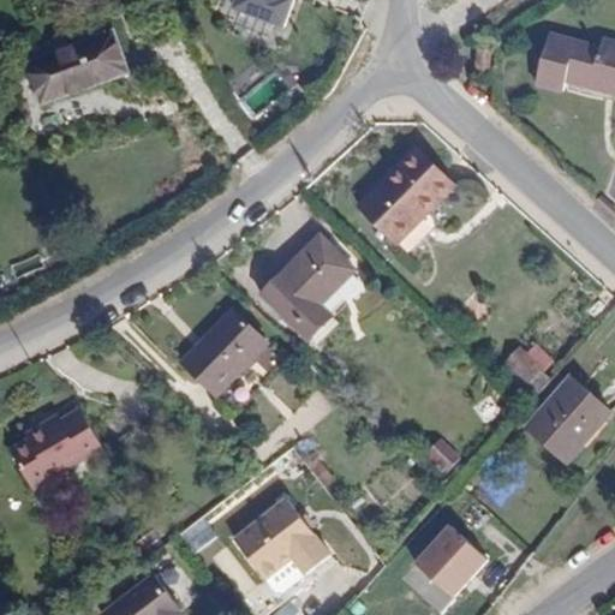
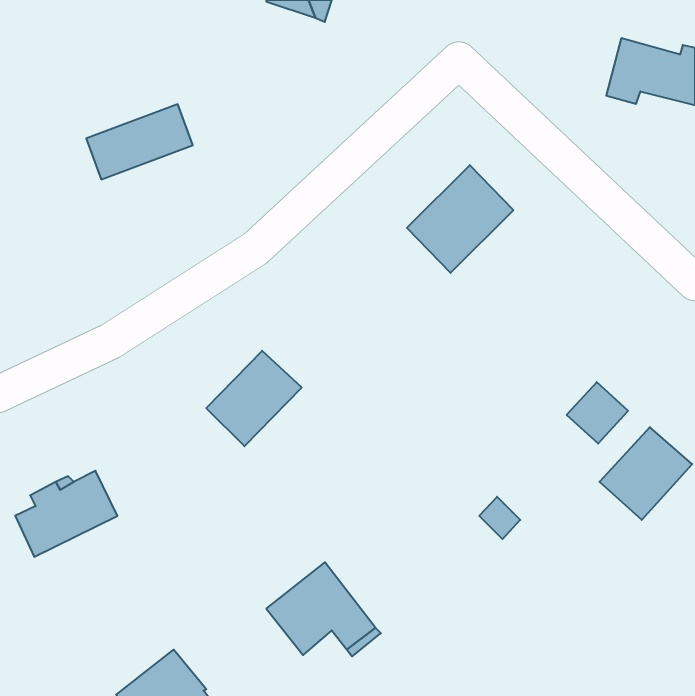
building: [31,28,125,94] -> [86,104,193,179]
building: [259,232,356,338] -> none
building: [413,525,490,602] -> none

